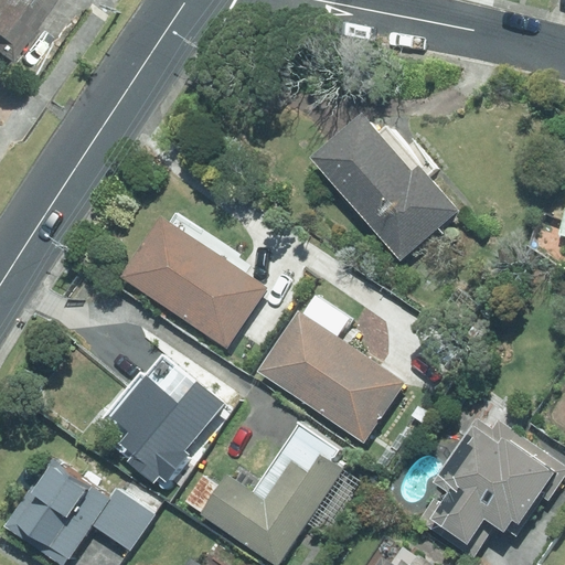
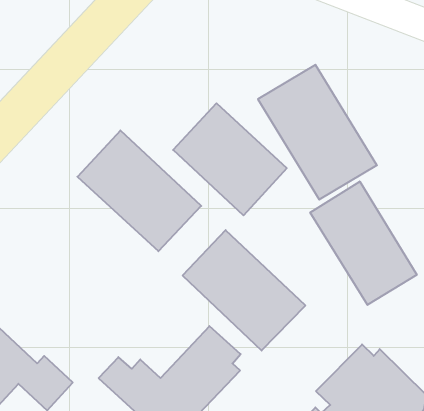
building: none -> [173,103,287,215]
building: none -> [310,181,417,305]
building: [108,375,224,479] -> none

